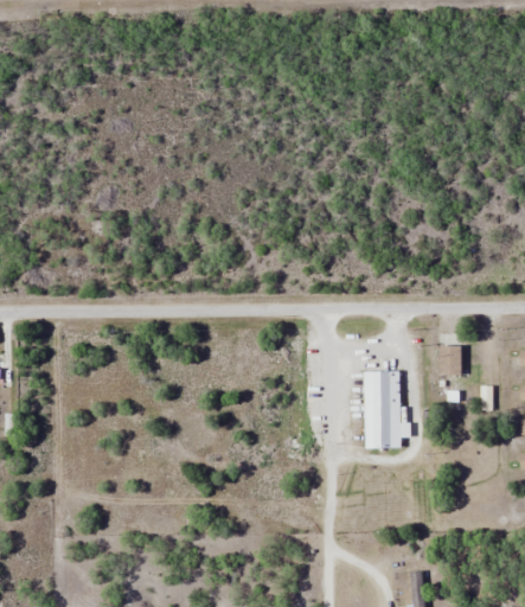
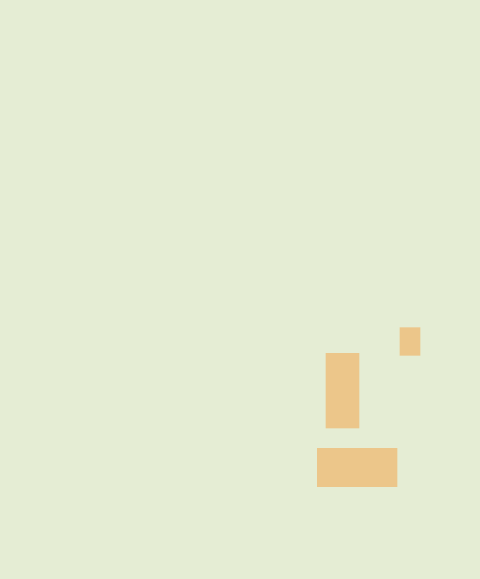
building: none -> [316,447,398,488]

